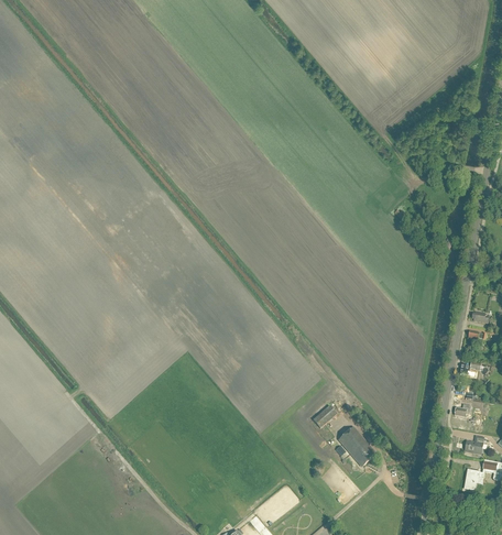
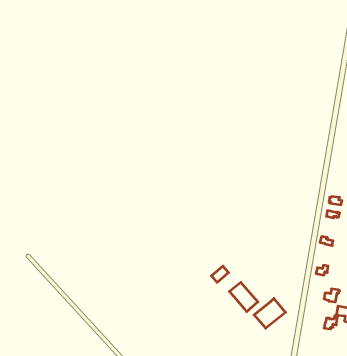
building: none -> [254,298,286,328]

